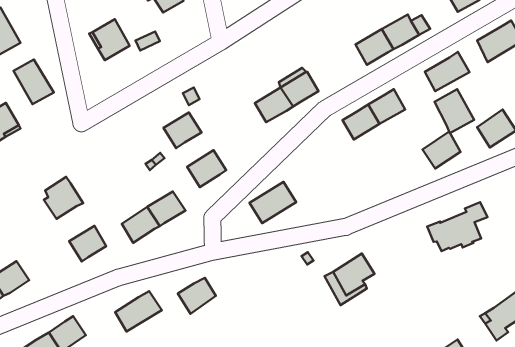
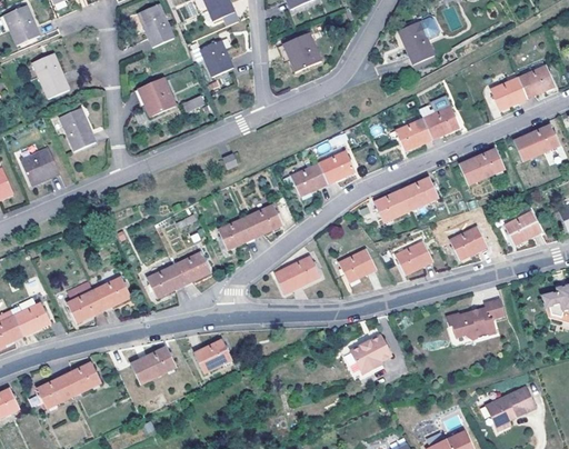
building: [435,89,474,133] -> none
building: [163,112,202,148] -> [246,204,282,238]
building: none -> [395,241,432,275]
building: none -> [339,249,376,282]
building: [44,177,83,219] -> [67,282,104,322]

